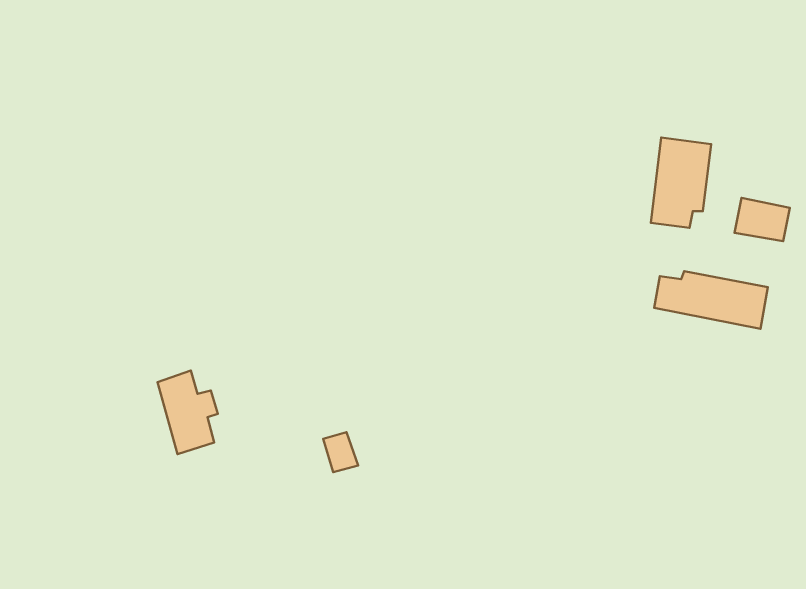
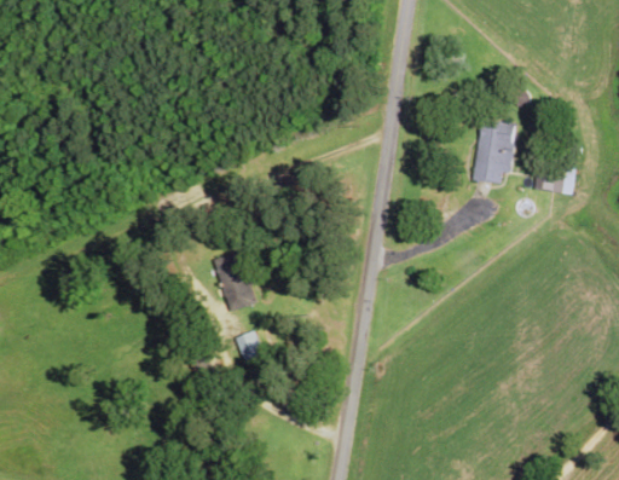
building: [654,271,768,329] -> none
building: [157,370,218,454] -> [215,251,259,312]

